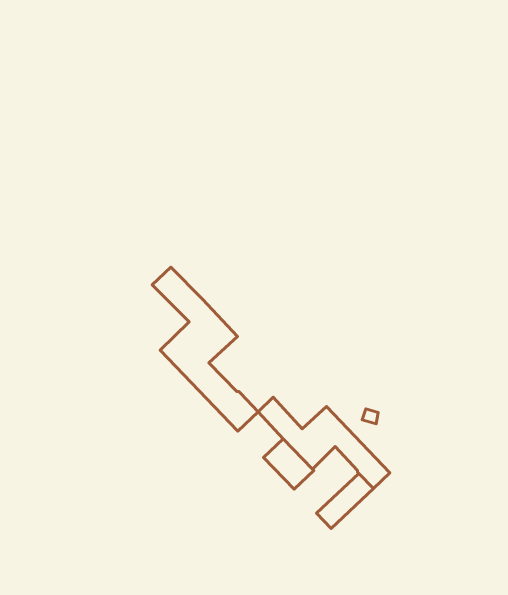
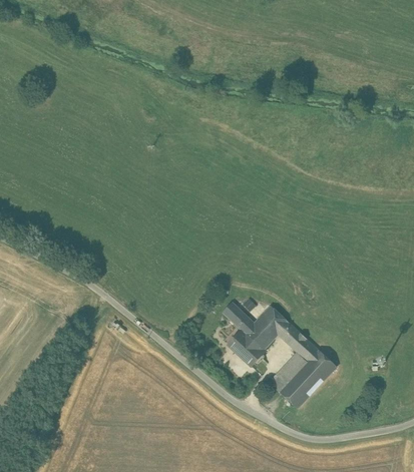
building: [152,267,258,431] -> none
building: none -> [279,349,336,408]

